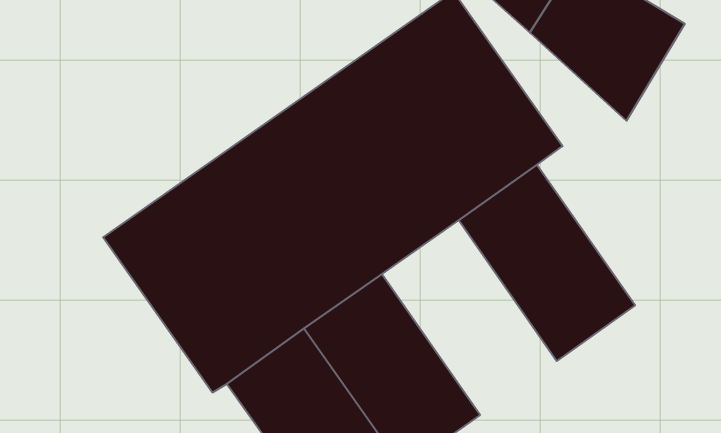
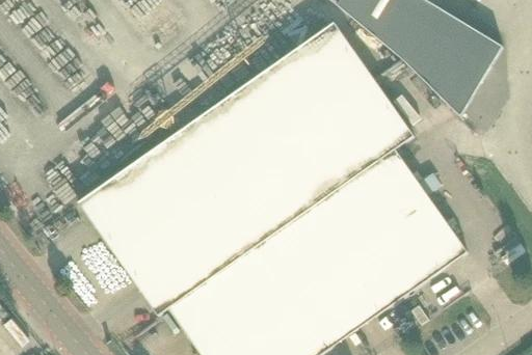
building: none -> [282,188,409,330]

